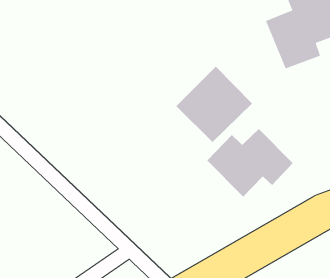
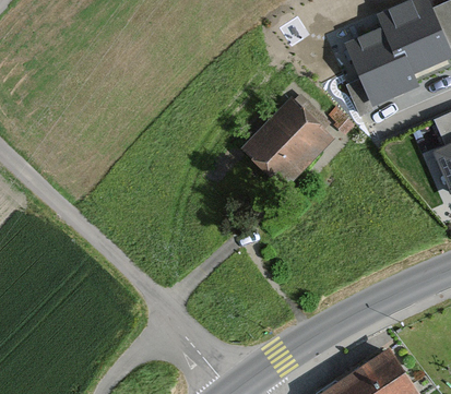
building: [206,128,294,197] -> none

